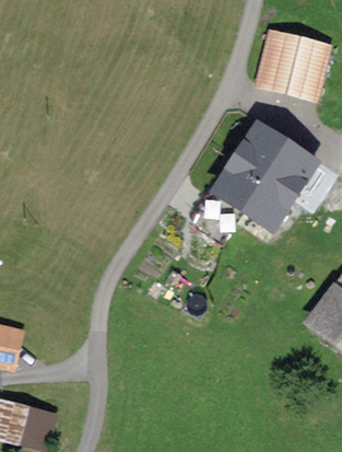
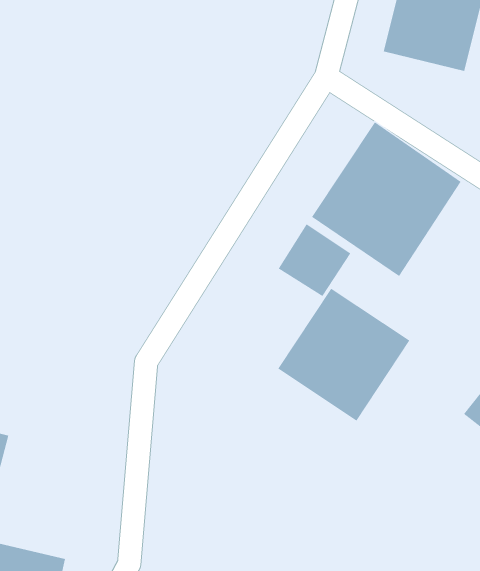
building: none -> [278,288,410,422]

